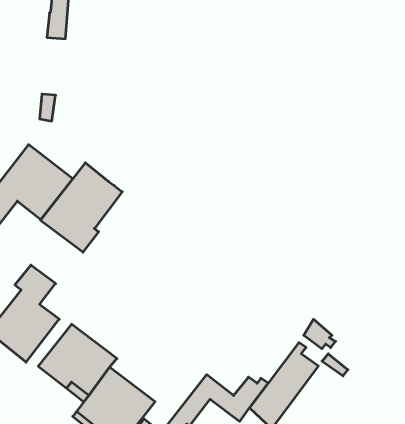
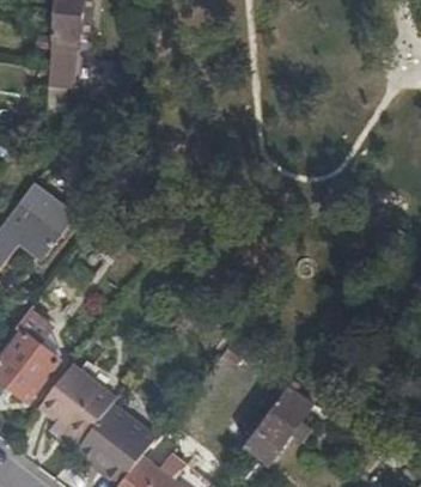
building: [41,163,122,252] -> none

